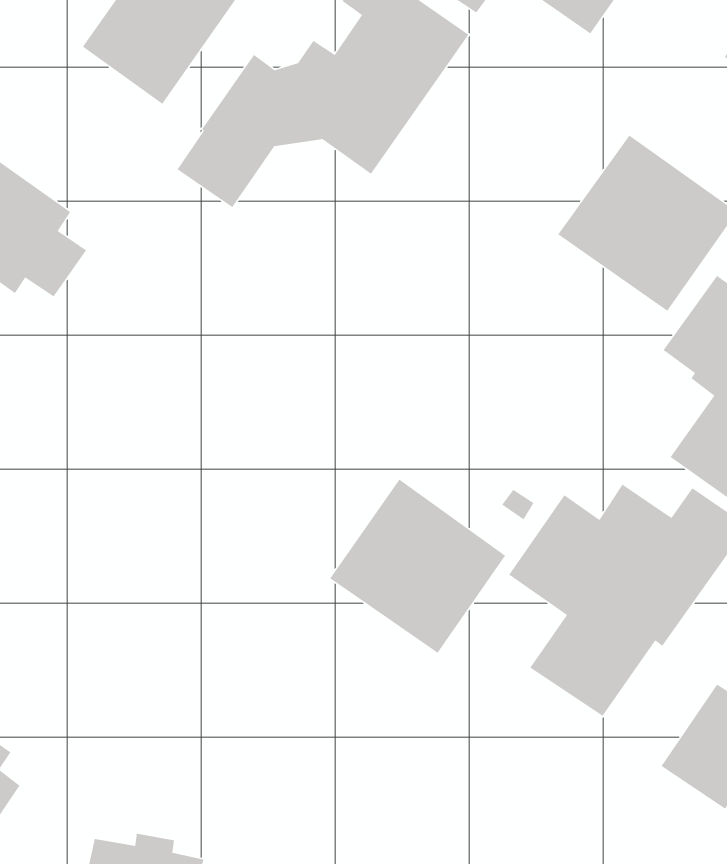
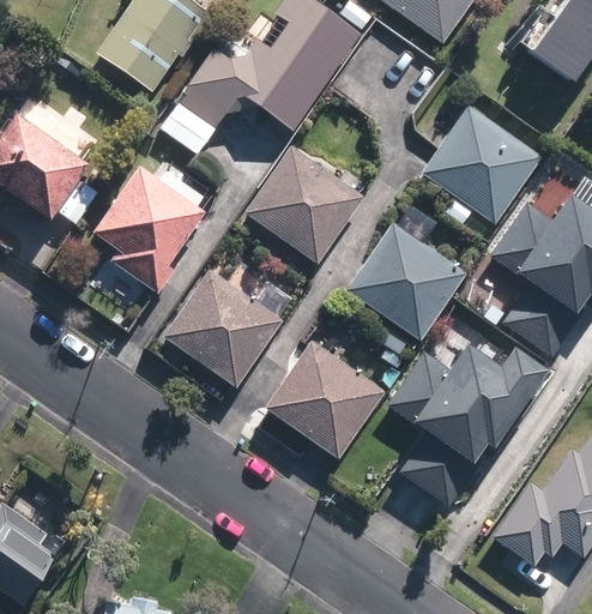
building: none -> [243,144,366,265]
building: none -> [91,158,205,287]
building: none -> [345,221,467,341]
building: none -> [161,267,283,389]

